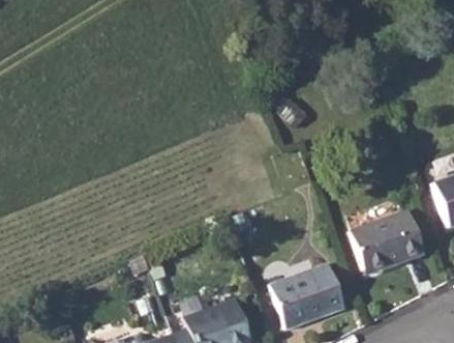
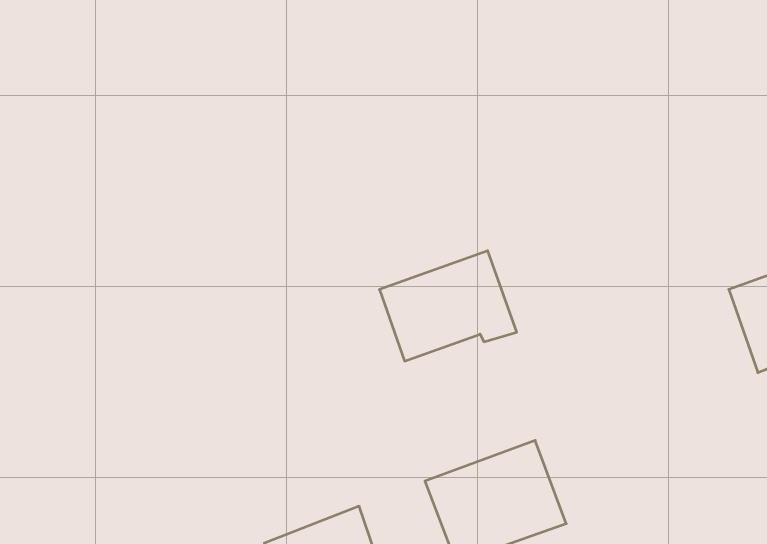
building: [351,210,424,269] -> [379,251,517,361]

